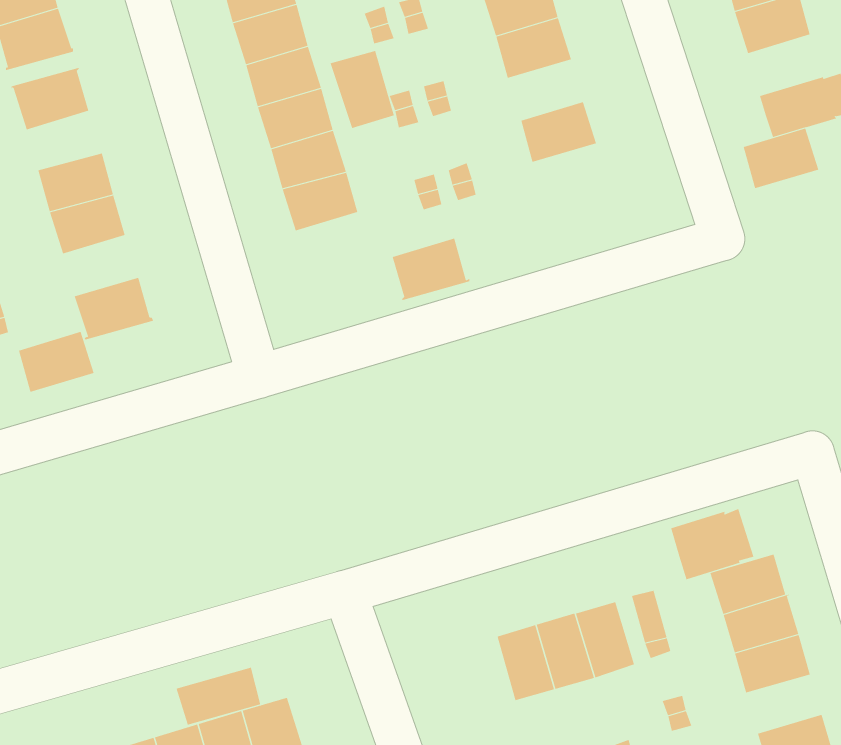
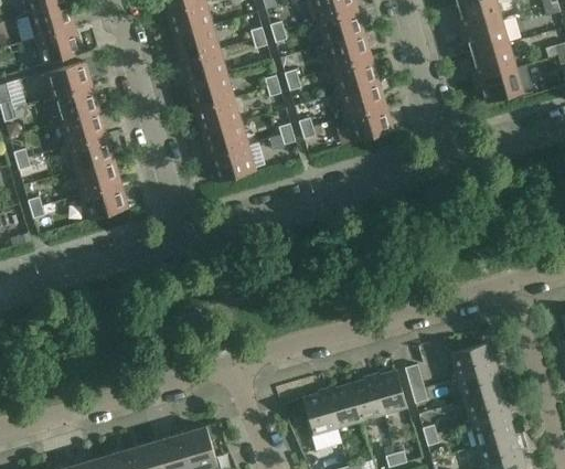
building: [330,50,395,129] -> none
building: none -> [333,57,377,93]
building: none -> [55,87,99,121]
building: [743,128,819,189] -> [472,43,516,78]
building: none -> [348,106,394,142]
building: [392,238,470,301] -> [211,146,256,182]
building: [18,331,95,392] -> [76,159,120,194]
building: [671,508,754,580] -> none
building: none -> [303,388,338,435]
building: [176,667,261,725] -> none
building: none -> [471,413,515,447]

